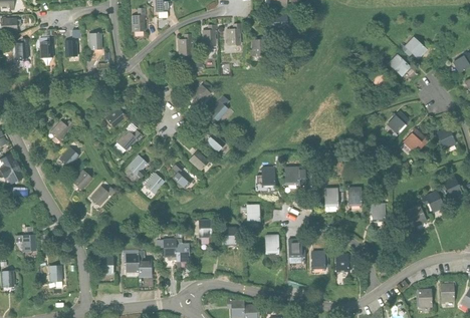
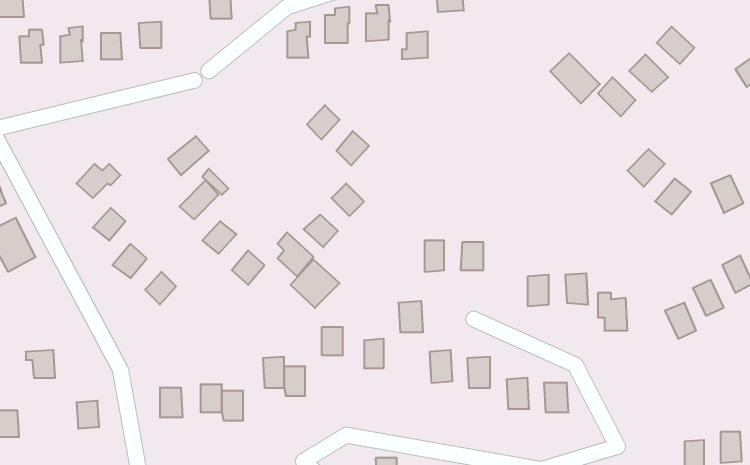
building: none -> [550,53,600,103]
building: none -> [291,260,340,308]

